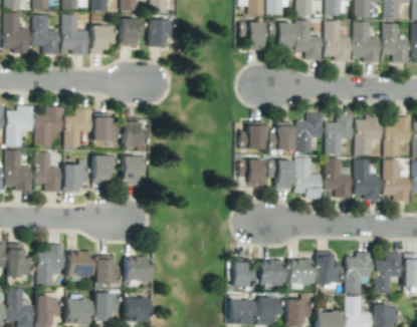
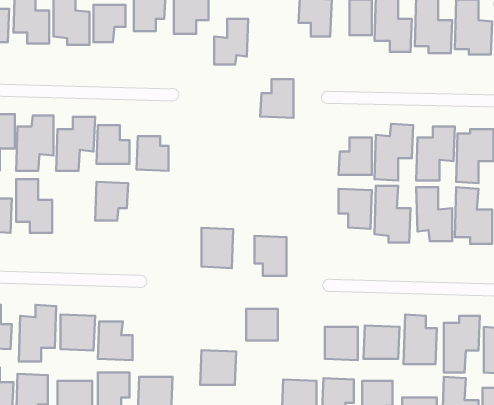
building: none -> [214,19,248,65]
building: [239,121,263,149] -> [260,79,293,118]
building: [122,155,145,185] -> [201,228,233,268]
building: [62,158,86,192] -> none
building: [239,158,262,188] -> [255,236,286,276]
building: [124,256,150,281] -> [200,350,236,385]
building: [231,264,254,287] -> [246,309,278,340]

